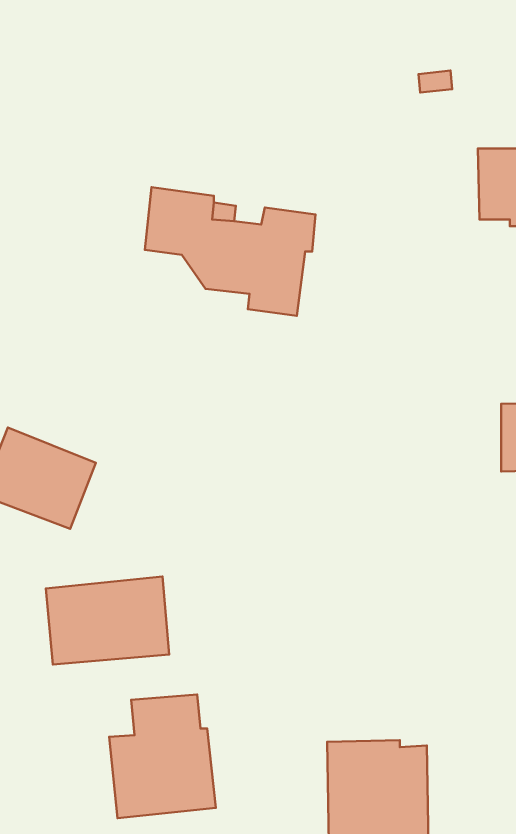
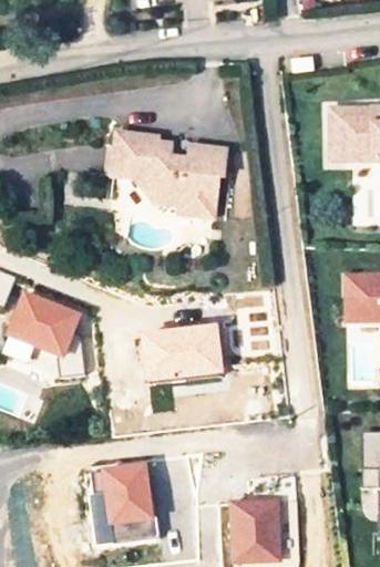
building: [46,577,169,665] -> [140,323,220,381]

